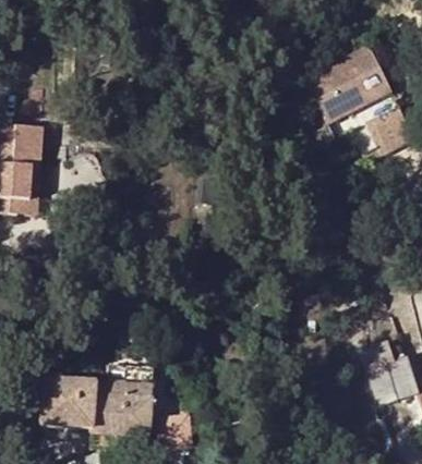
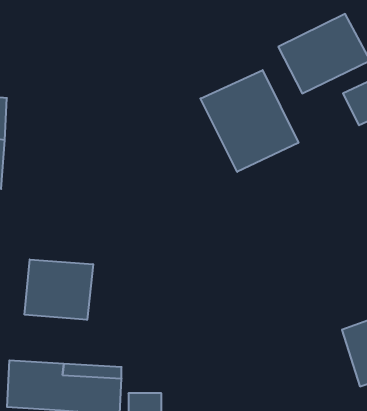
building: none -> [200,70,298,172]
building: none -> [25,259,93,320]

